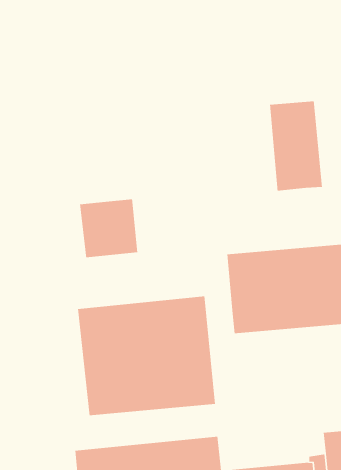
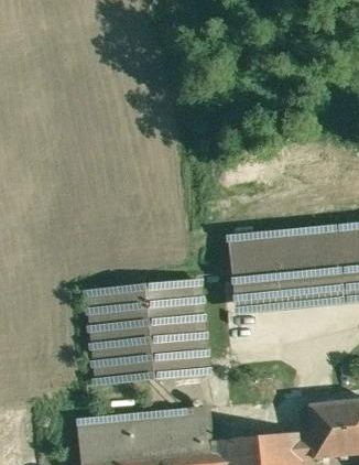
building: [270,101,323,191] -> none
building: [79,198,138,258] -> none

